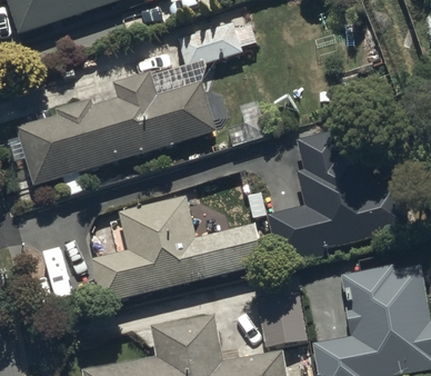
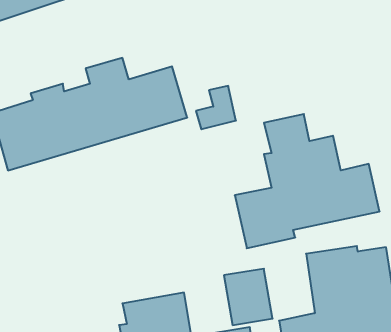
building: [172,20,243,68] -> none
building: [90,195,264,301] -> none

